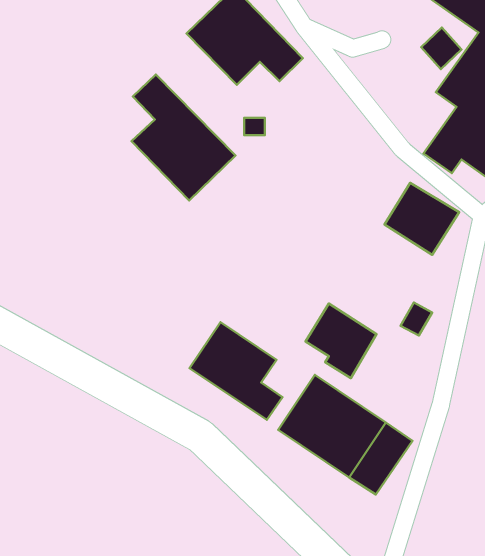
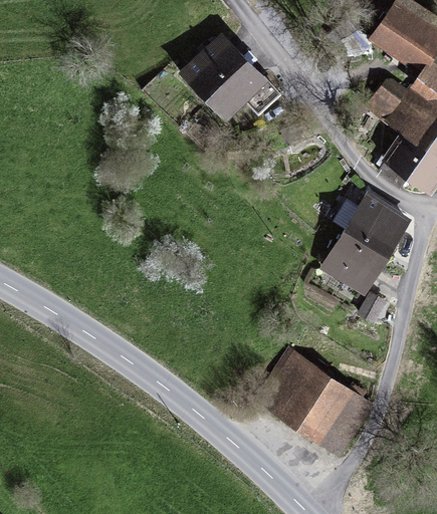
building: [132,75,235,201] -> none
building: [305,304,376,378] -> [326,230,385,291]
building: [190,322,283,420] -> none

